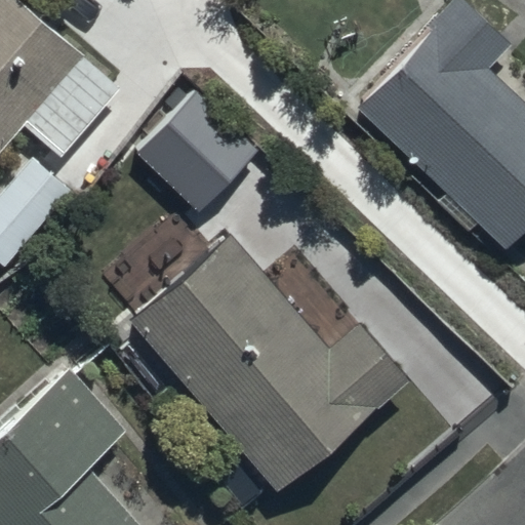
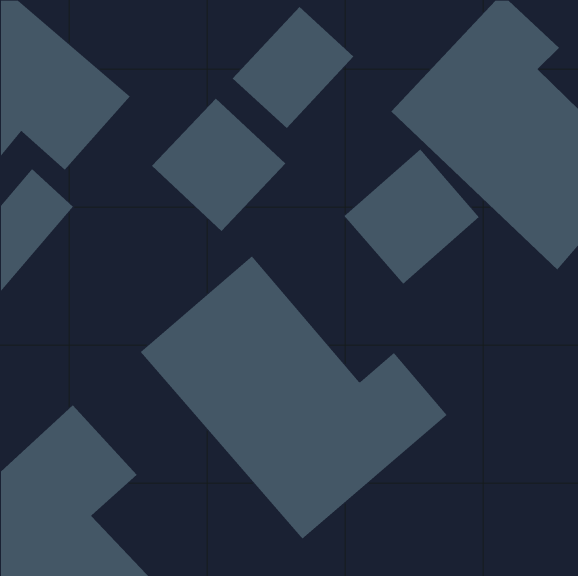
building: none -> [232,6,354,129]
building: none -> [344,149,480,285]

